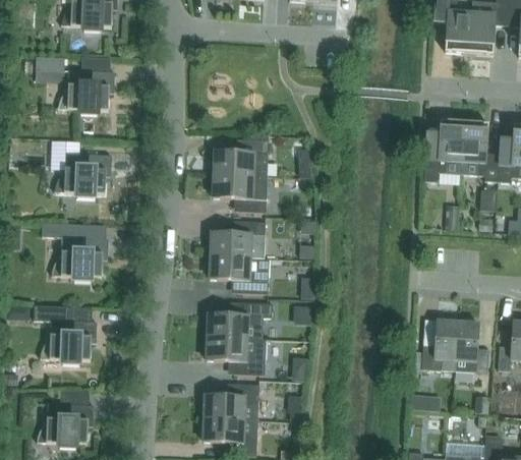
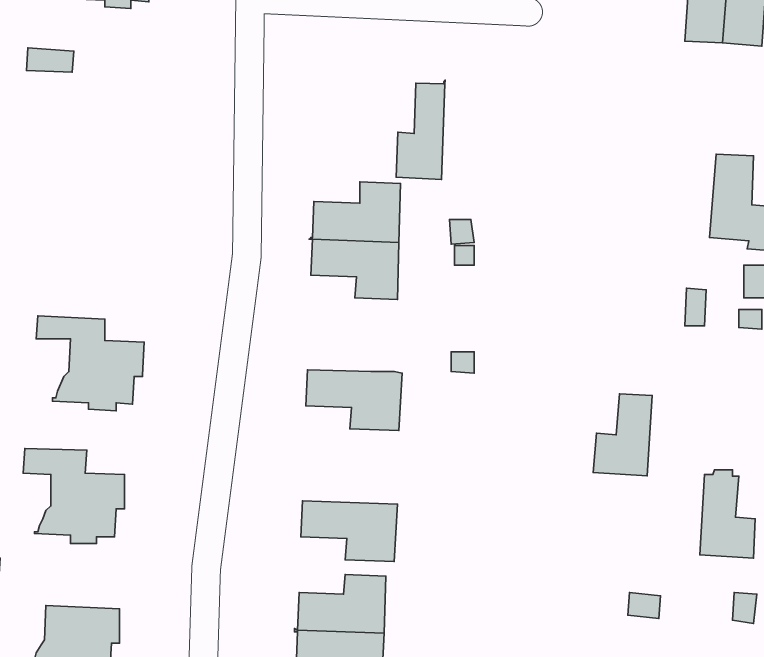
building: [57,69,114,114] -> none
building: none -> [396,80,445,179]
building: [423,120,464,181] -> none
building: [54,153,111,197] -> none
building: [208,220,265,256] -> none
building: [205,301,272,339] -> none
building: [420,320,457,370] -> [593,394,652,476]

